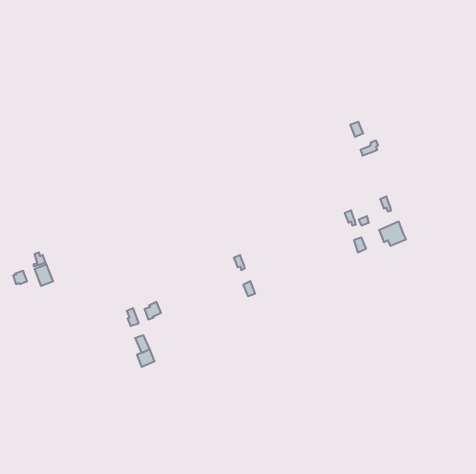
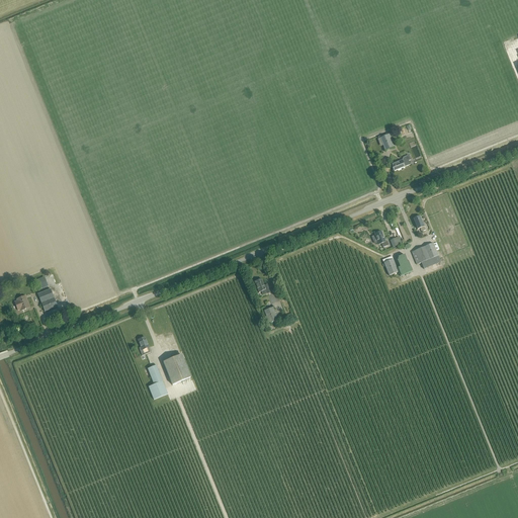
building: none -> [163,354,190,383]

